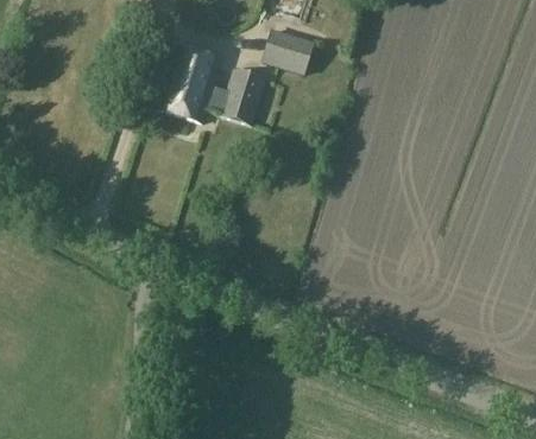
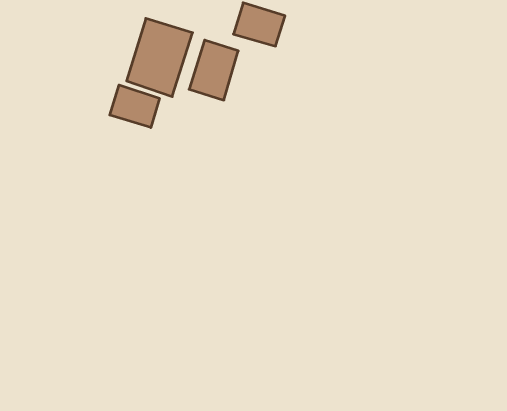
building: none -> [110,85,159,128]

